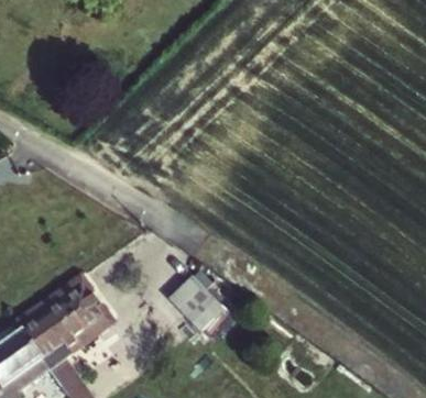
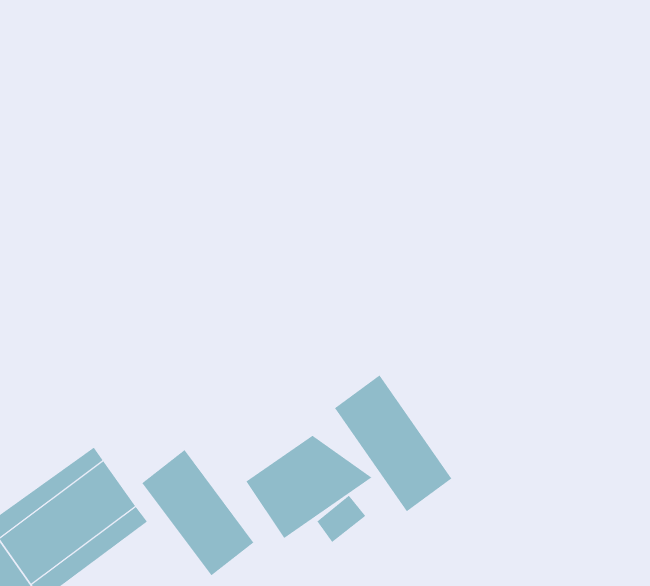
building: none -> [334,375,452,512]
building: none -> [142,449,254,576]

